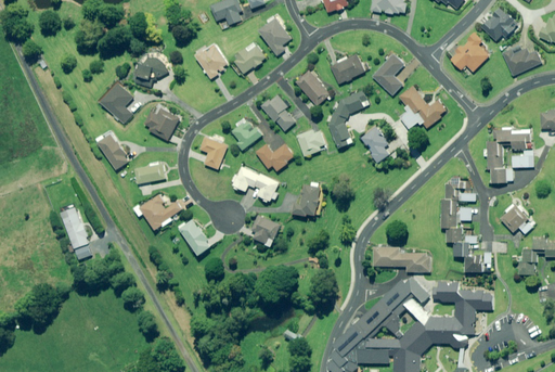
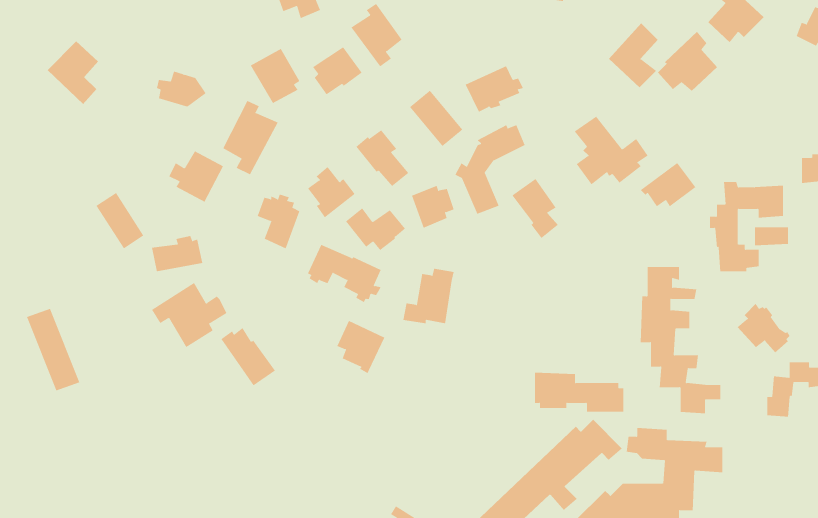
building: [503,48,542,75] -> none
building: [373,53,404,94] -> [608,22,658,88]
building: none -> [222,100,278,175]
building: [102,84,134,124] -> [47,41,99,105]
building: none -> [640,162,696,207]

